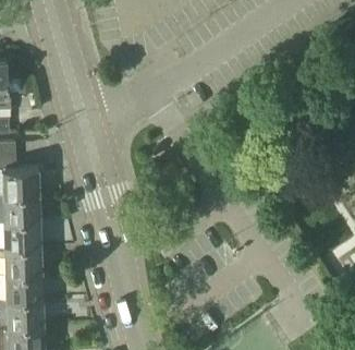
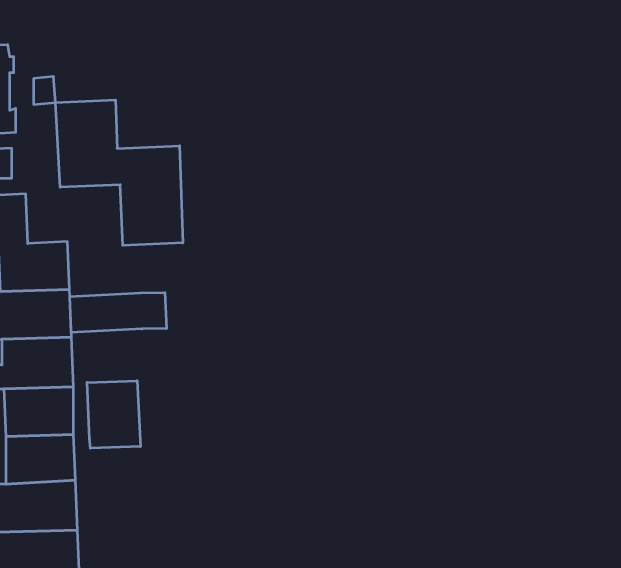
building: none -> [56,100,183,245]
building: none -> [70,293,166,333]
building: none -> [87,381,140,448]

